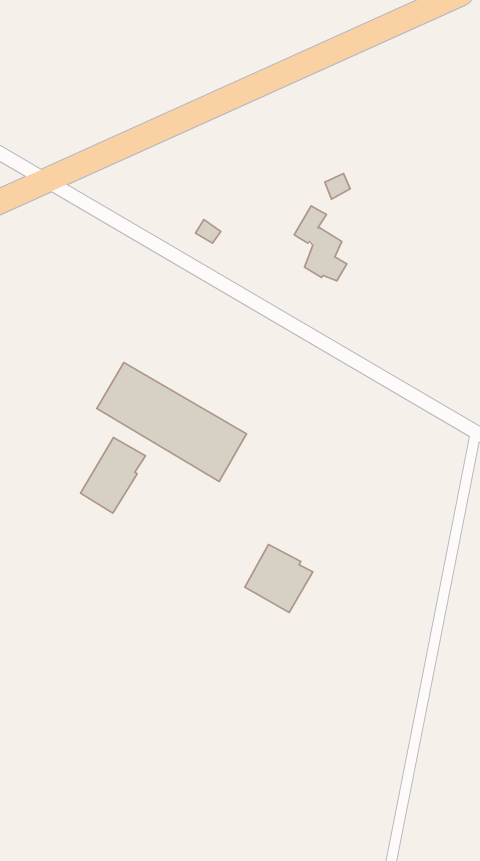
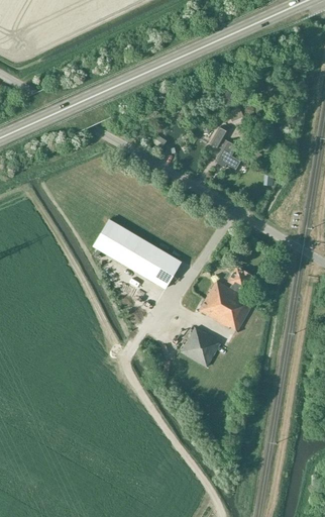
building: [80,437,145,513] -> none
building: none -> [198,267,255,331]

